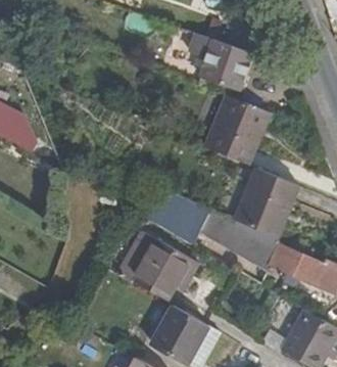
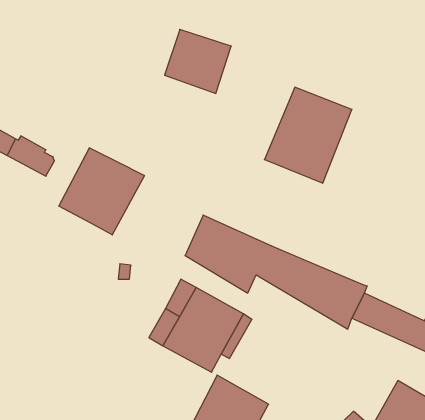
building: [201,41,250,88] -> [165,29,231,93]
building: none -> [59,148,144,235]
building: [234,167,298,238] -> none

